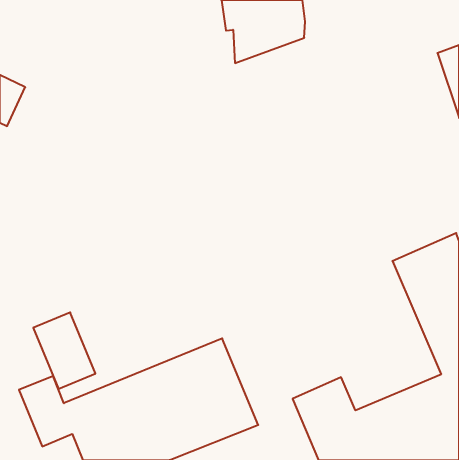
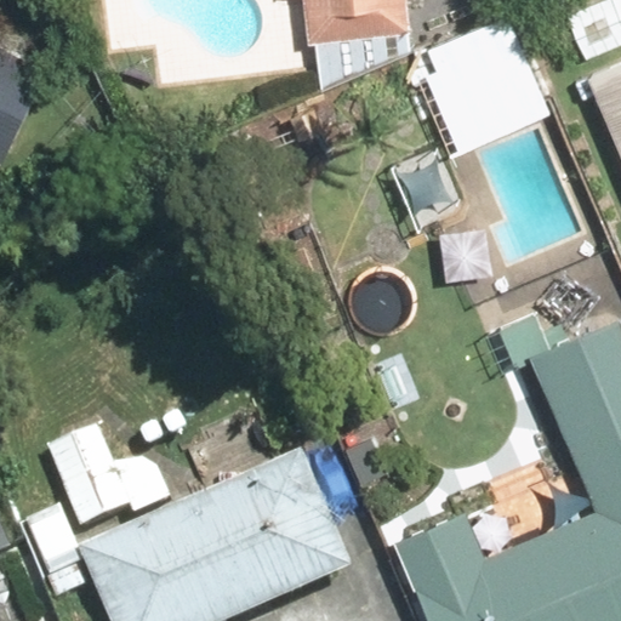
building: none -> [428,11,548,129]

